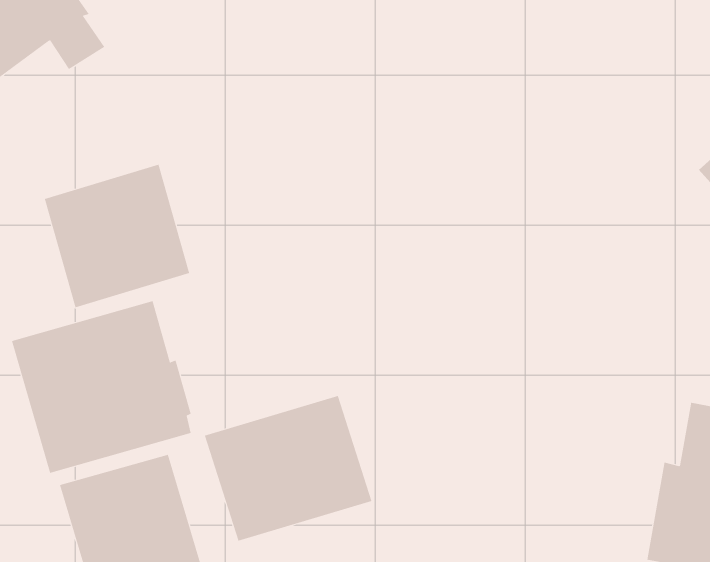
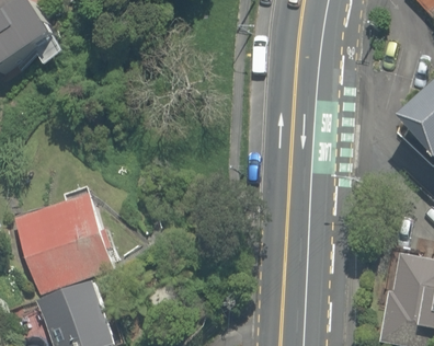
building: [44,164,190,308] -> none
building: [204,395,372,542] -> none

